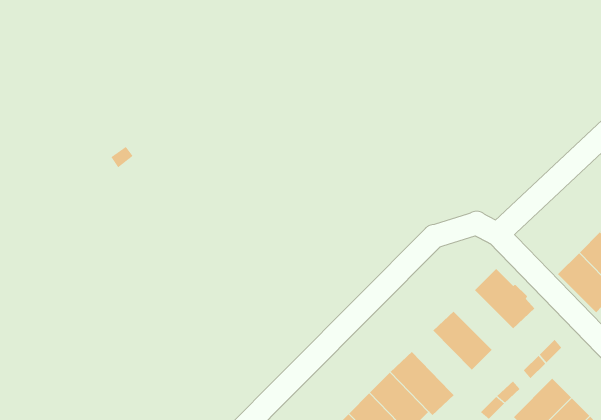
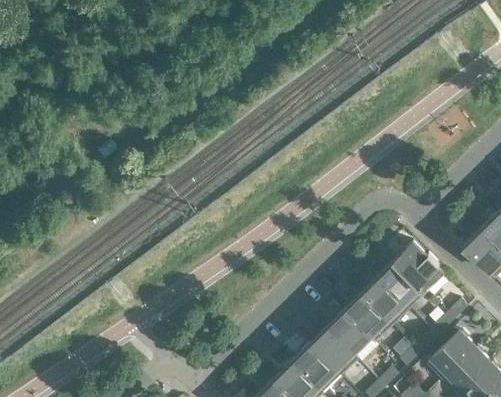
building: none -> [378,258,427,307]
building: none -> [344,291,393,341]

